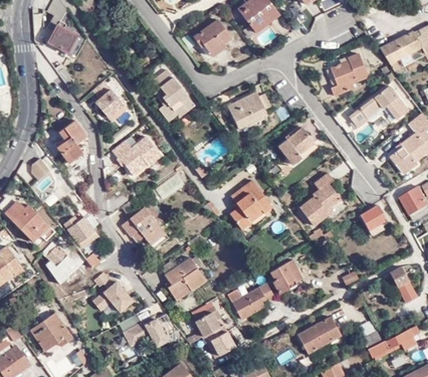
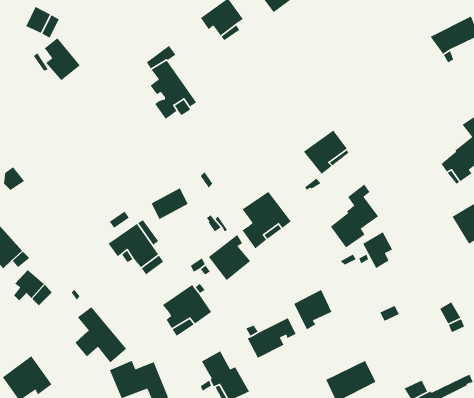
building: [331,53,367,95] -> none
building: [94,80,125,117] -> [44,37,81,81]
building: [350,84,409,126] -> none
building: [227,90,271,128] -> none
building: [55,120,85,164] -> none
building: [112,136,161,175] -> none
building: [361,205,386,236] -> [362,231,393,269]
building: none -> [208,234,251,281]
building: [65,217,98,248] -> none

